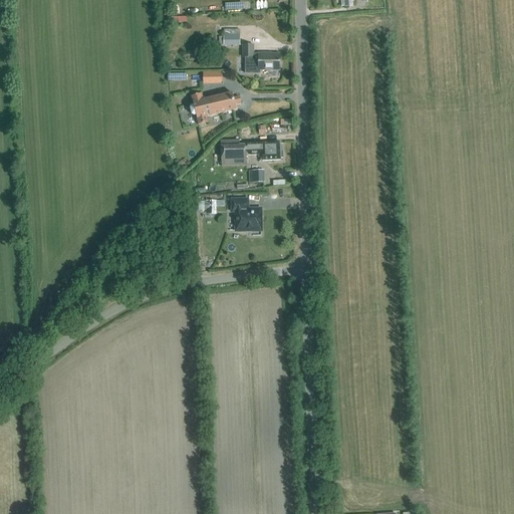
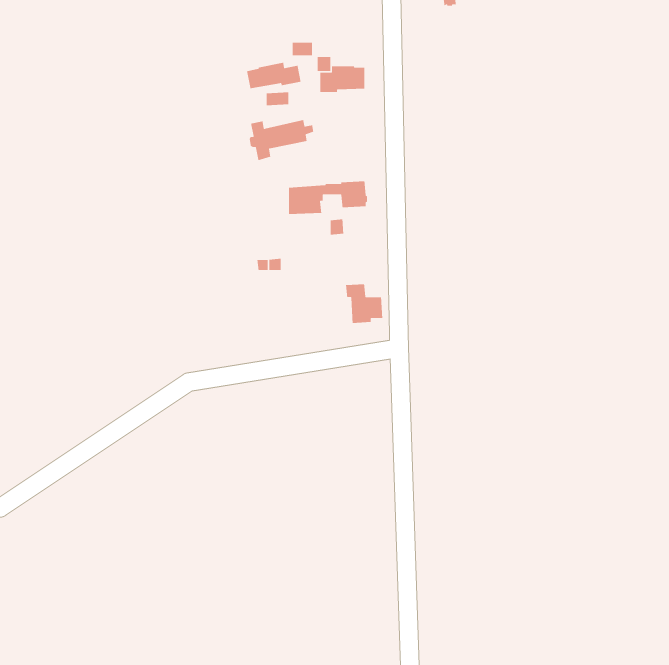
building: none -> [246,62,301,89]
building: [230,198,259,229] -> [345,283,383,324]

